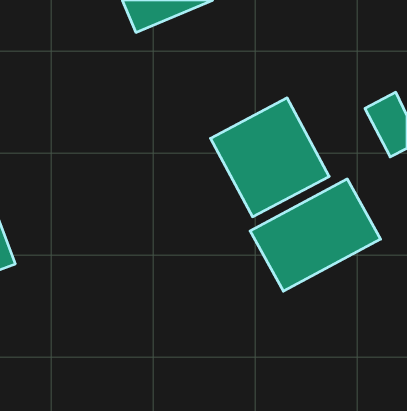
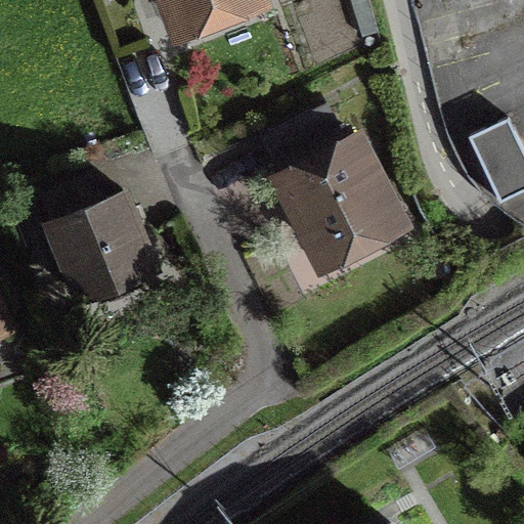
building: none -> [40,187,166,311]
building: [250,179,381,291] -> none

